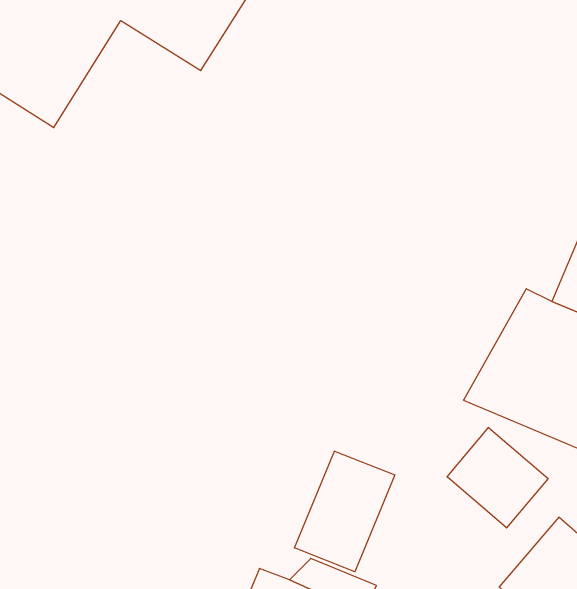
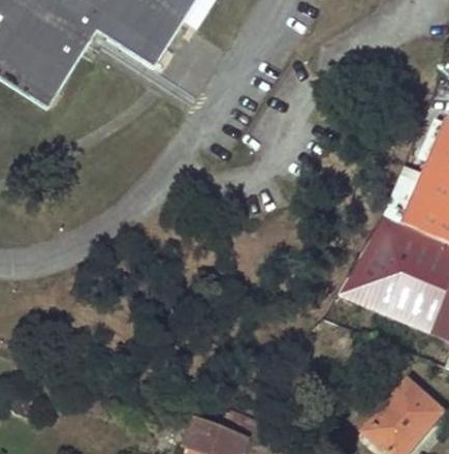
building: [447,427,548,528] -> none
building: [294,451,395,572] -> none

